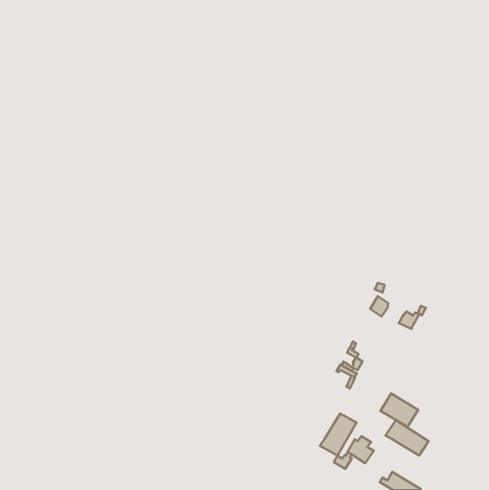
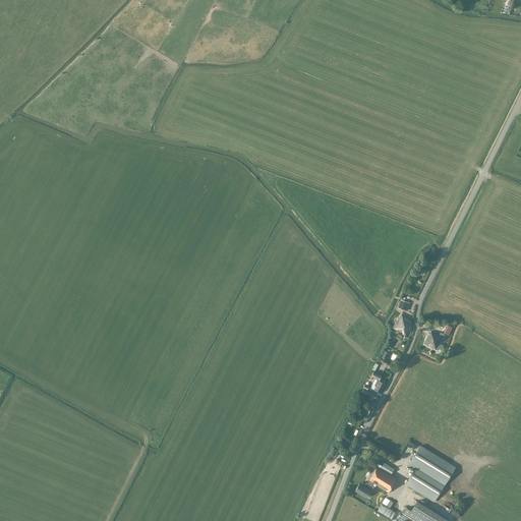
building: [381,393,418,427] -> [406,466,446,502]
building: [320,413,357,455] -> none

